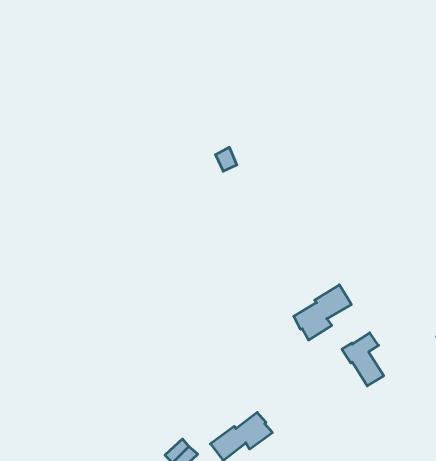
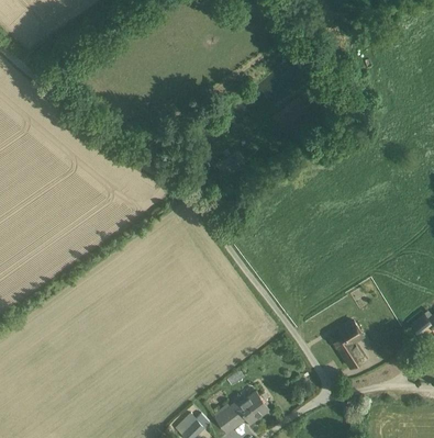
building: [294,285,351,340] -> none

